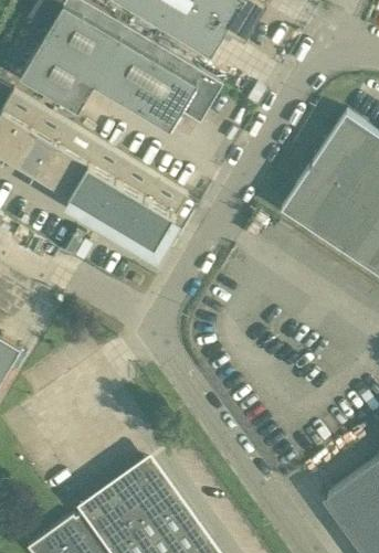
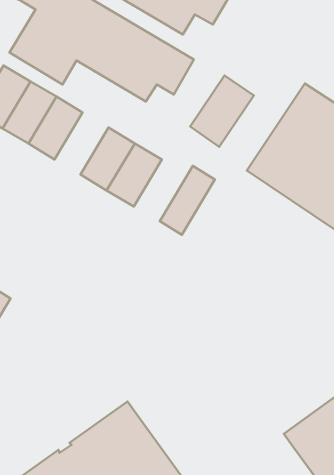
building: none -> [190,75,254,147]
building: [70,145,129,213] -> none
building: none -> [160,166,215,235]

